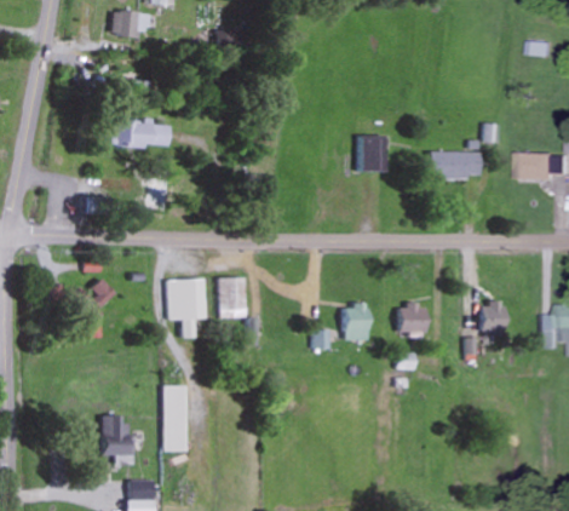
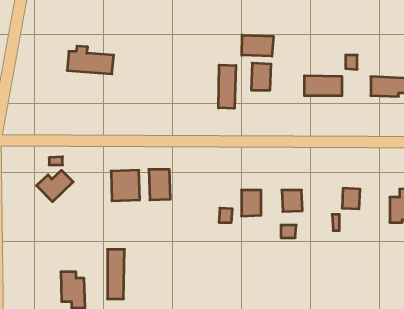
building: none -> [242,35,273,56]
building: none -> [218,65,236,108]

